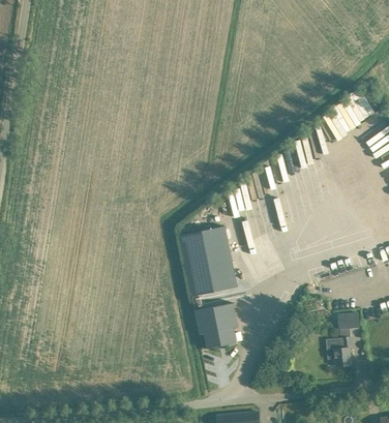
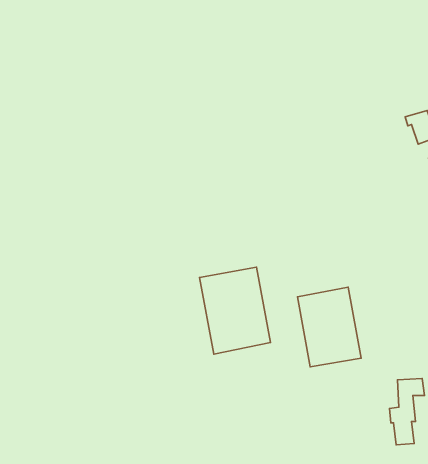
building: none -> [297,287,361,367]
building: [194,303,239,351] -> none

